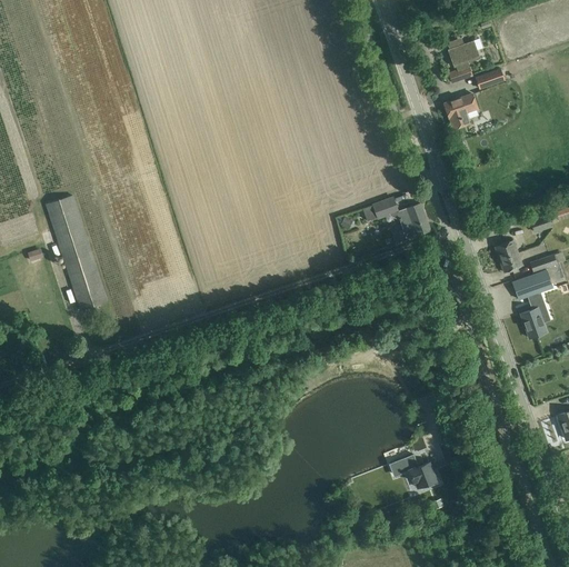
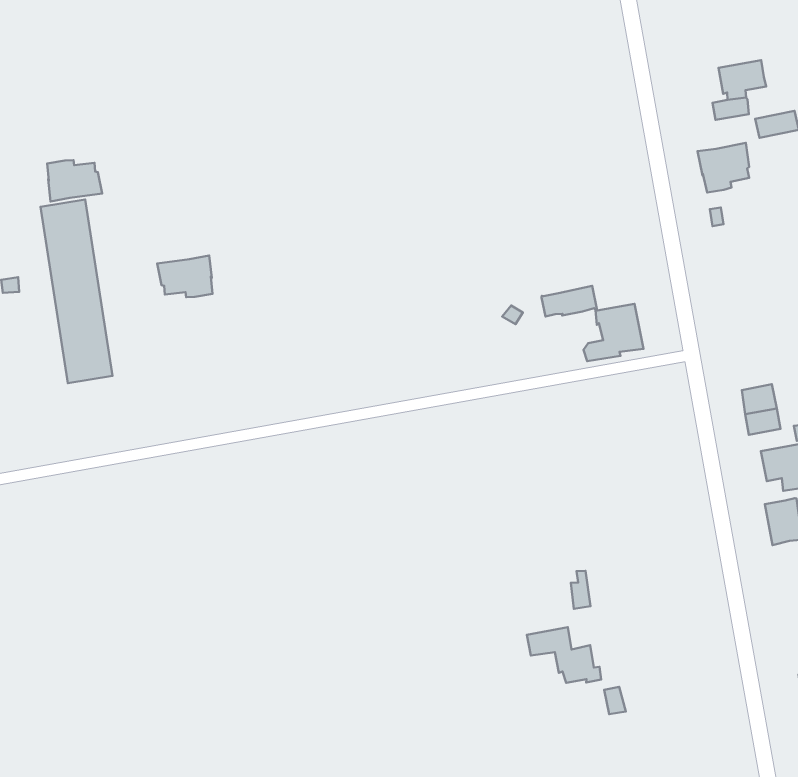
building: none -> [47,160,102,201]
building: none -> [157,255,213,297]
building: [389,452,439,487] -> [527,627,601,683]

